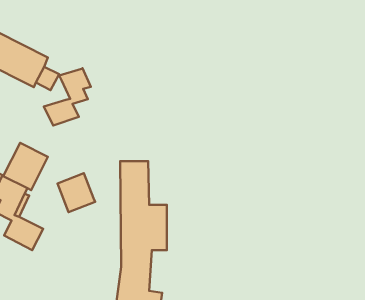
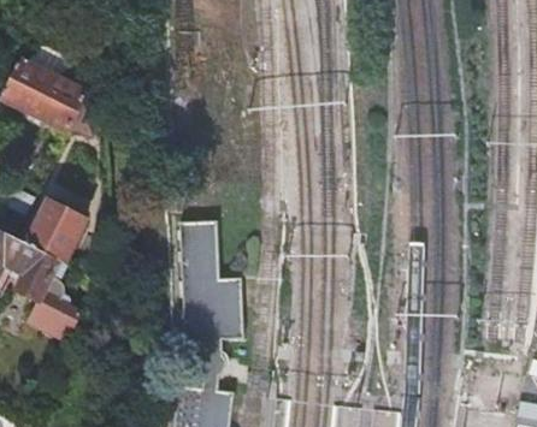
building: [44,68,91,125] -> none
building: [57,173,95,212] -> none

